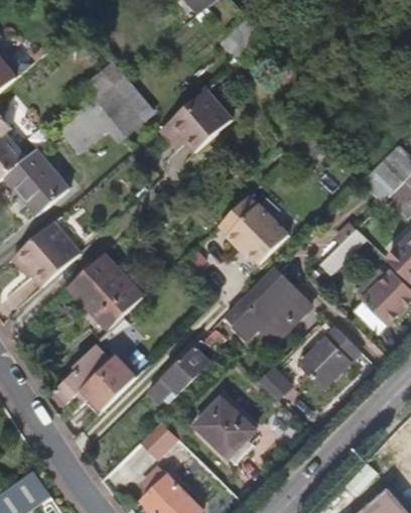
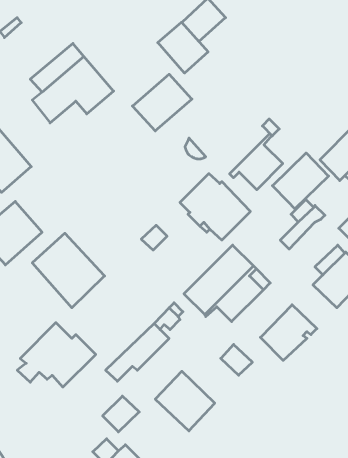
building: none -> [158,22,208,73]
building: none -> [230,134,283,190]
building: none -> [272,153,329,209]

